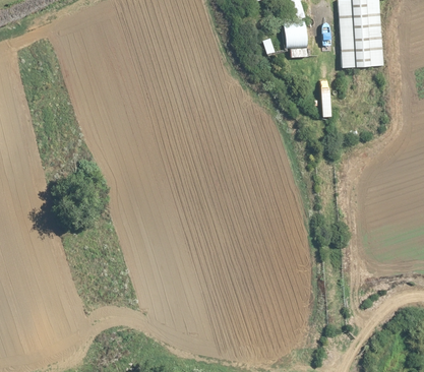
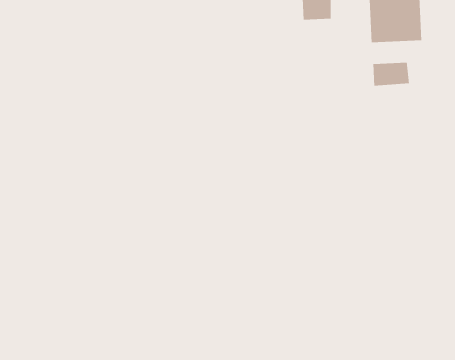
building: none -> [373,62,409,86]

